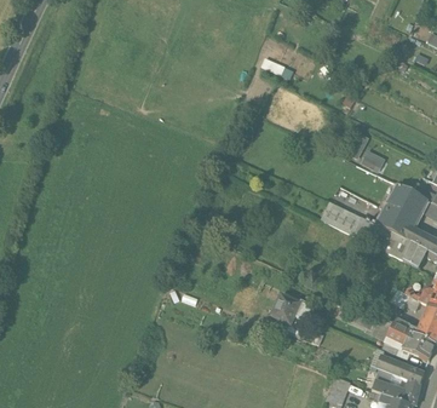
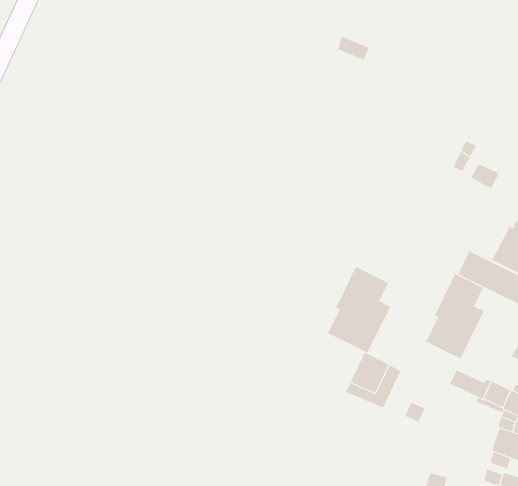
building: none -> [327,266,391,353]
building: none -> [425,273,484,359]

